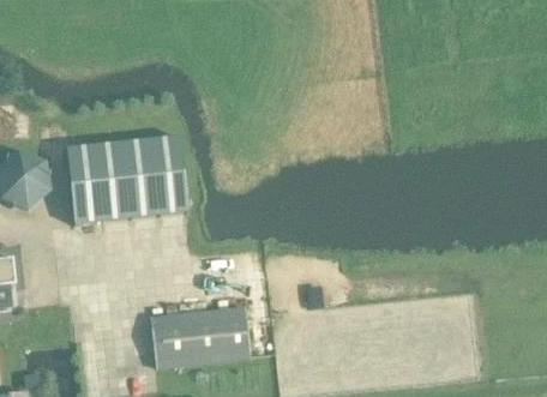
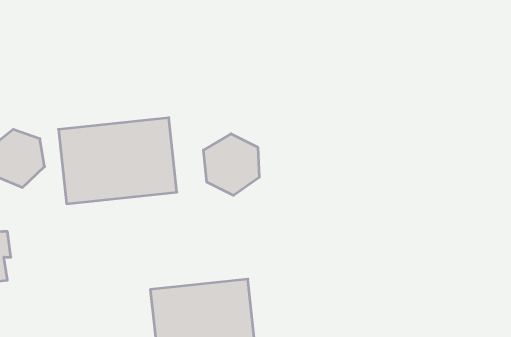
building: none -> [203,134,259,195]

